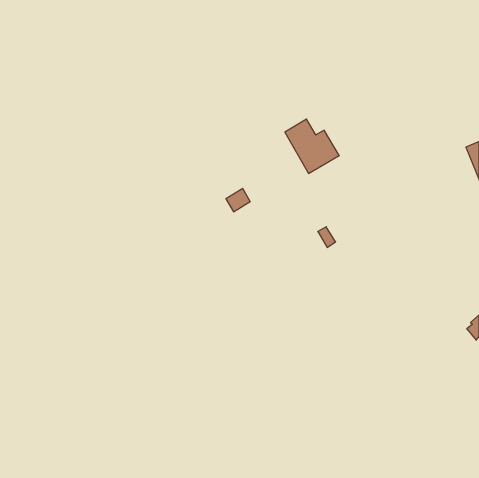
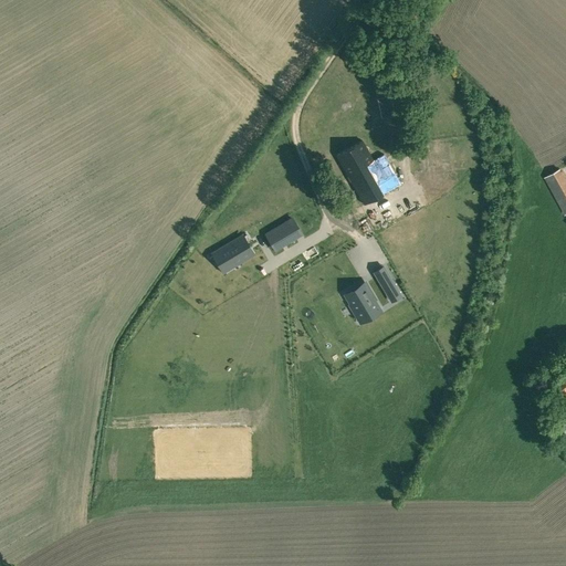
building: none -> [218,238,252,269]
building: none -> [346,285,379,322]

